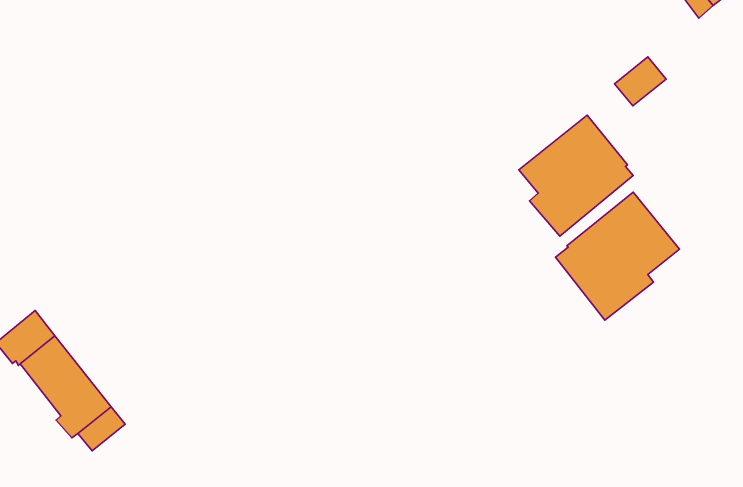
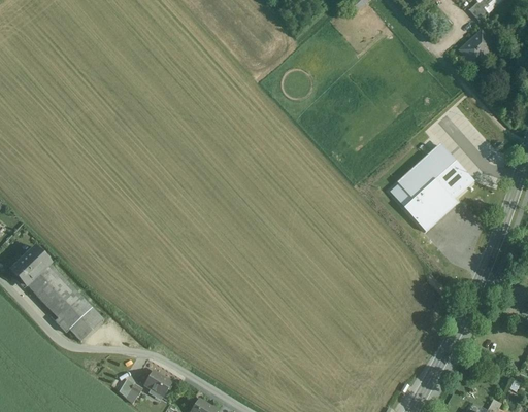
building: [615,57,666,106] -> [460,29,495,63]
building: [519,115,633,236] -> none

